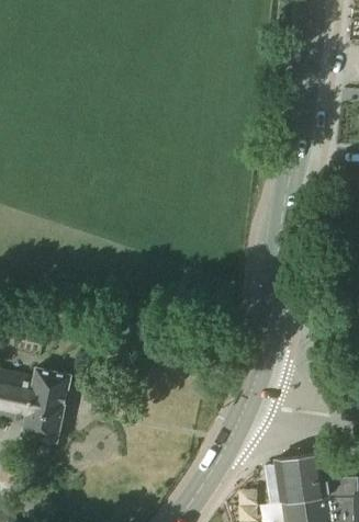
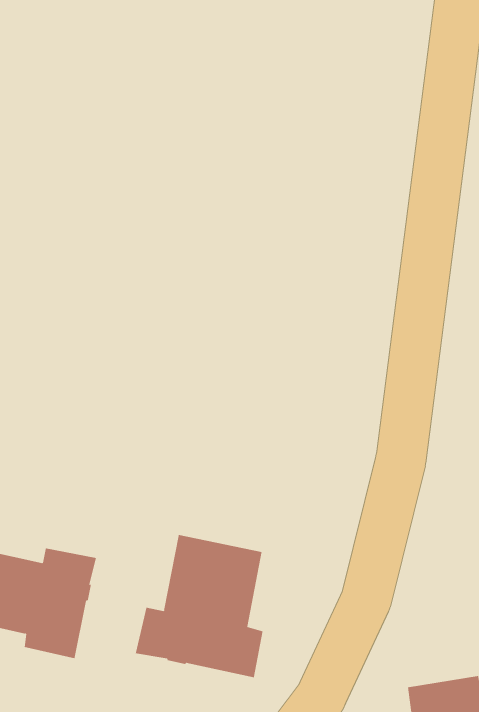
building: none -> [135,534,263,678]

